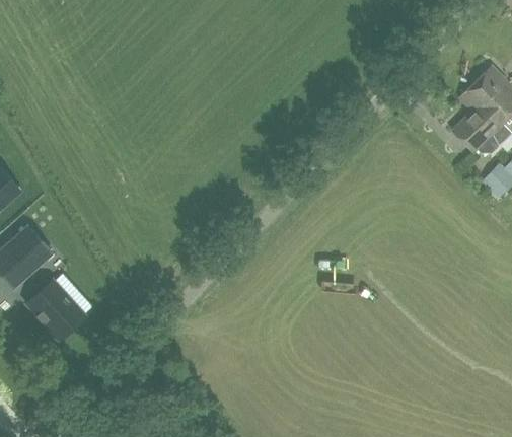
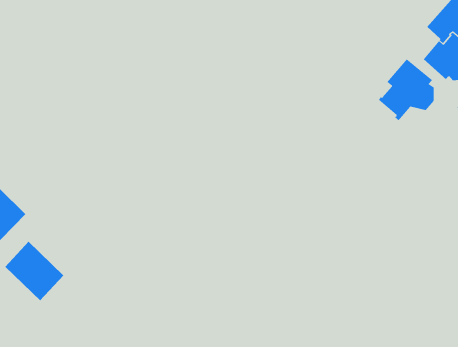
building: none -> [378,58,434,121]

